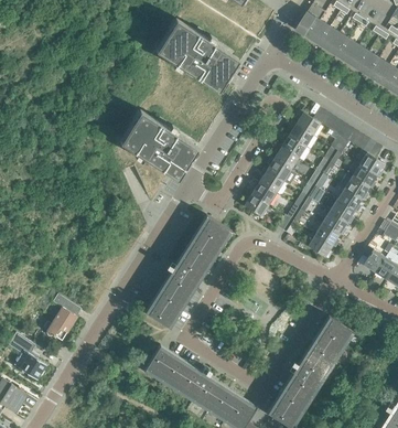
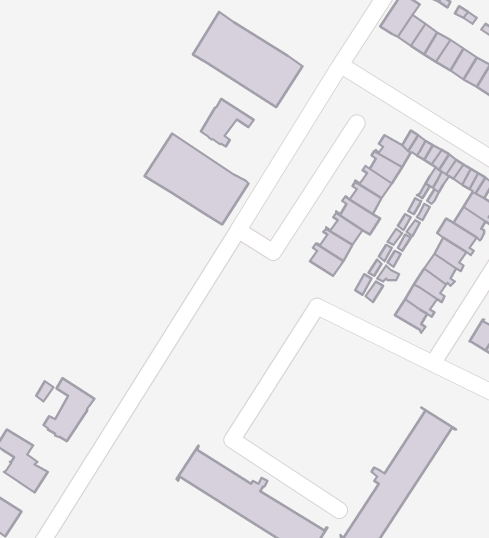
building: none -> [201,99,254,147]
building: [143,216,230,329] -> none

